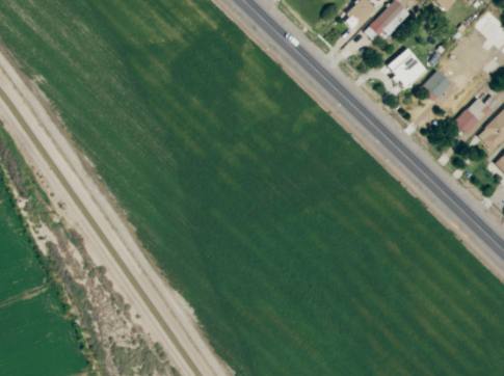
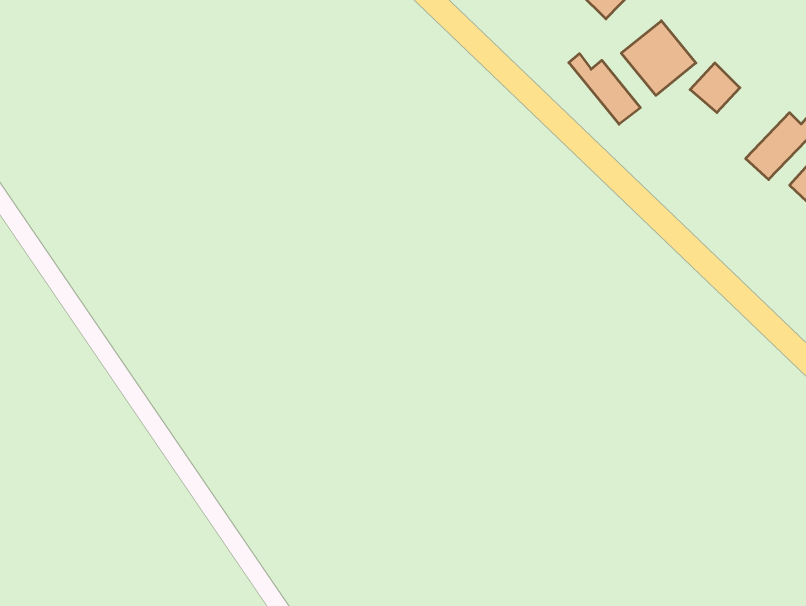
building: none -> [569,54,640,124]

